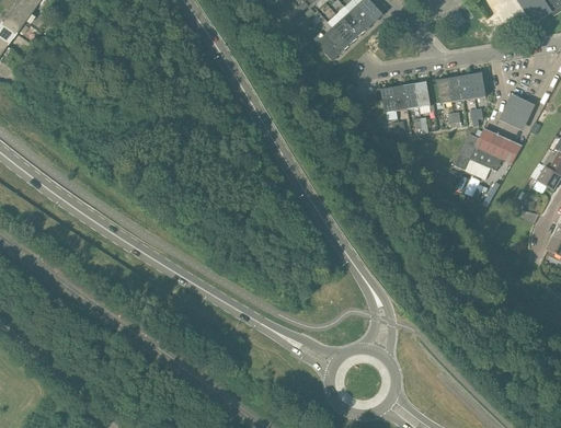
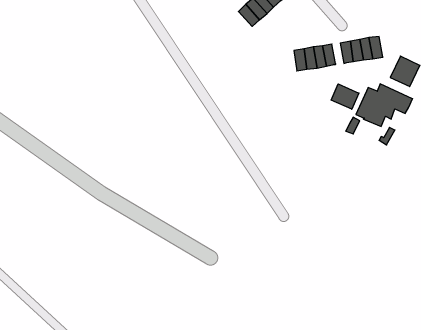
building: none -> [331,84,359,109]

